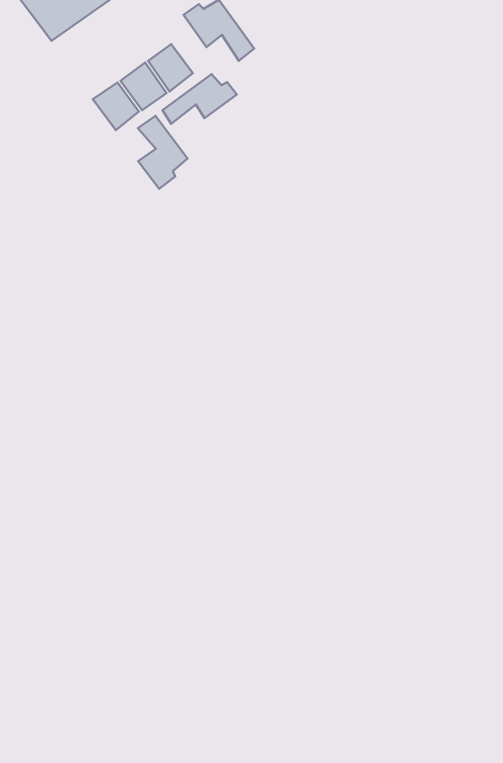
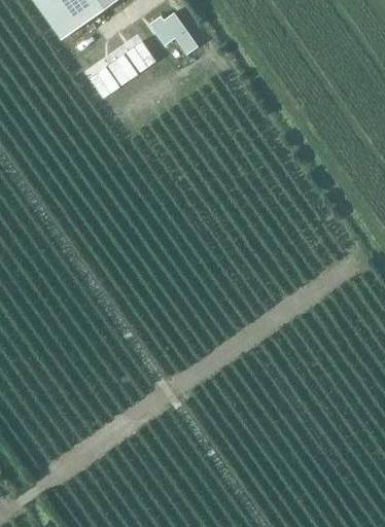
building: [162,74,237,124] -> none
building: [138,116,188,189] -> none

